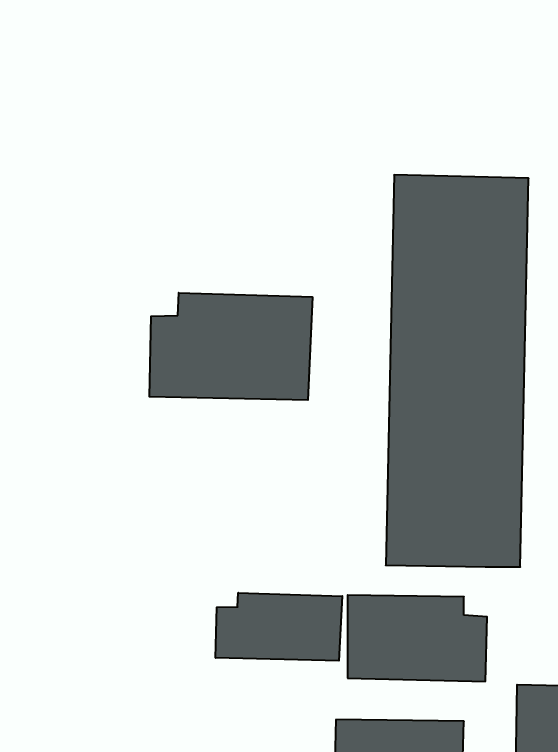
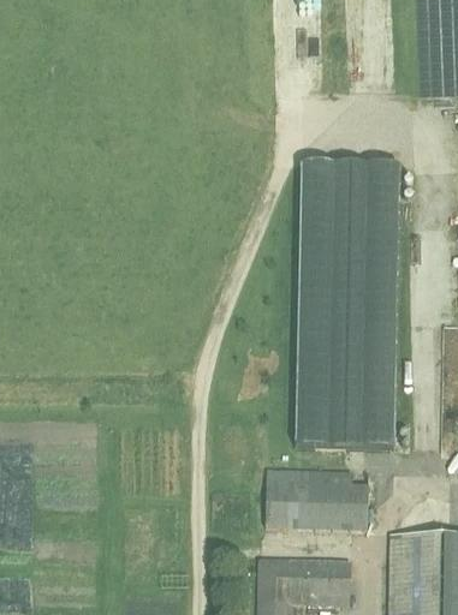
building: [149,293,312,400] -> none
building: [216,593,342,661] -> none

